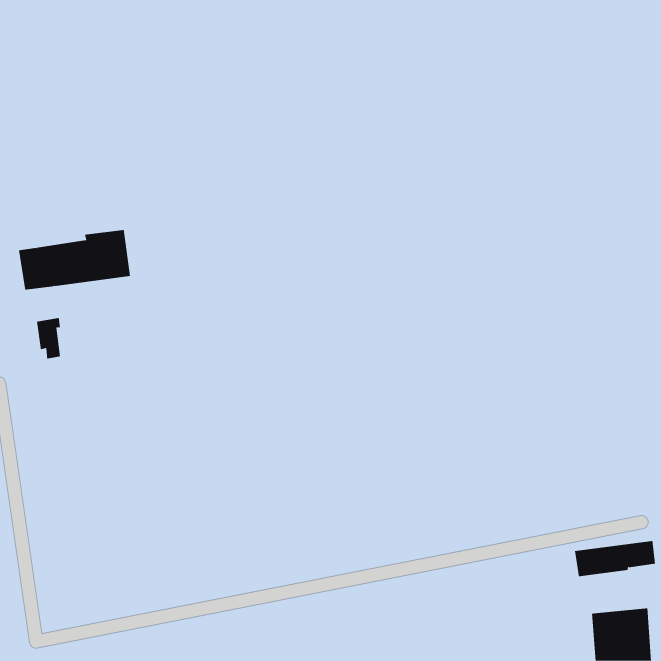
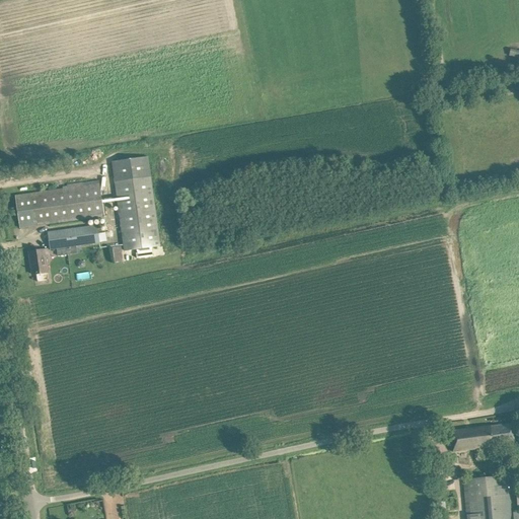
building: none -> [112,155,159,250]
building: none -> [47,224,99,248]

